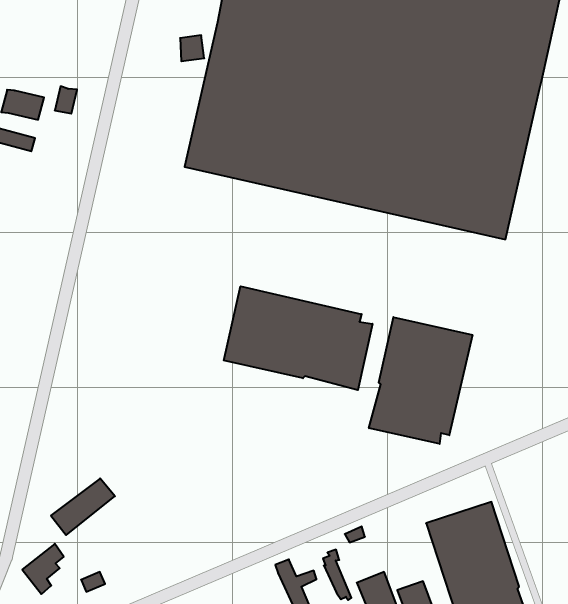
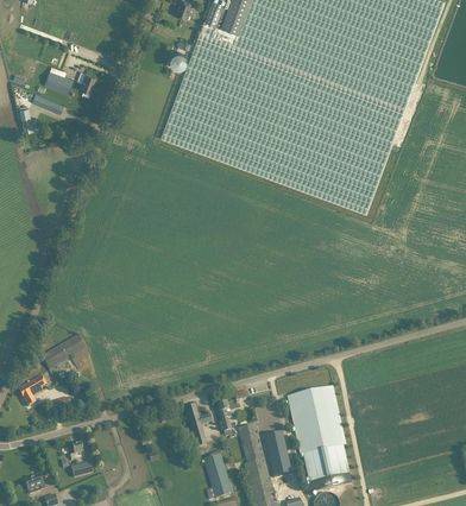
building: [224,286,372,390] -> none
building: [369,317,472,444] -> none

